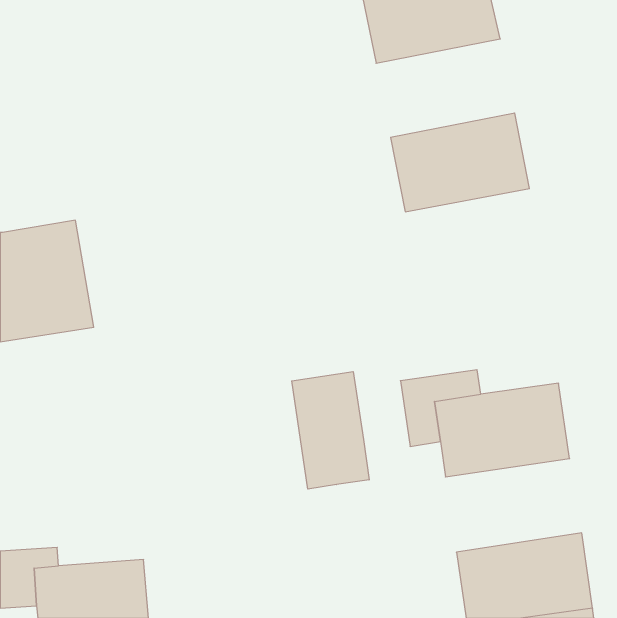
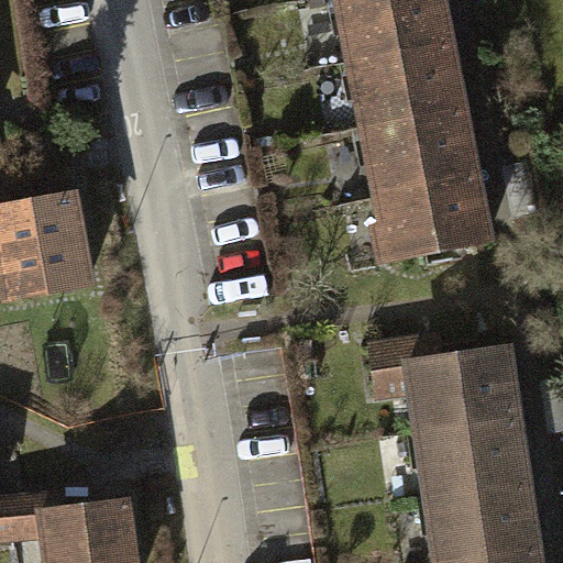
building: none -> [344,35,470,124]
building: none -> [371,170,496,260]
building: [292,372,369,489] -> none
building: none -> [407,415,530,499]

